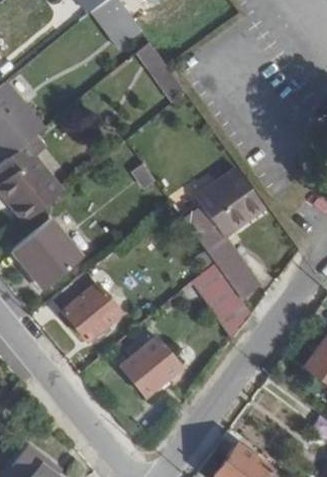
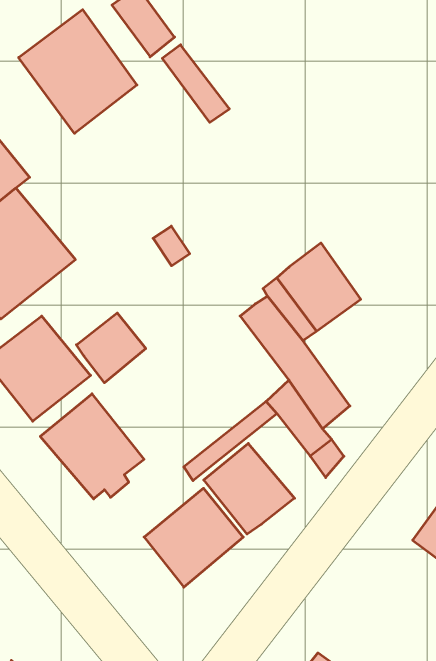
building: none -> [19,10,137,133]
building: none -> [76,313,146,383]
building: none -> [204,443,295,534]

